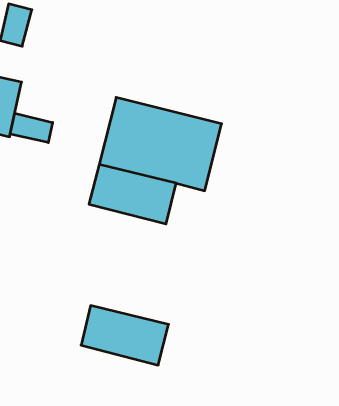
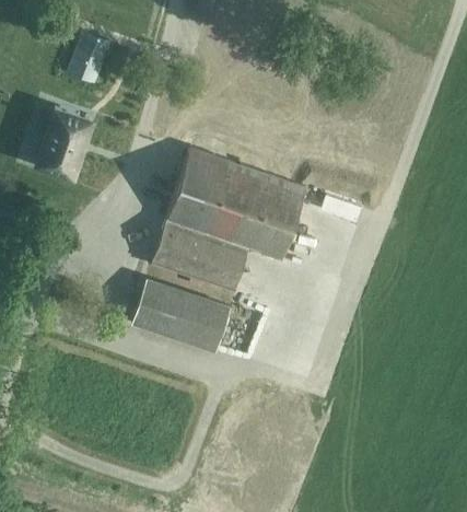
building: [10,113,53,143] -> none
building: [81,306,169,365] -> [131,279,230,351]

